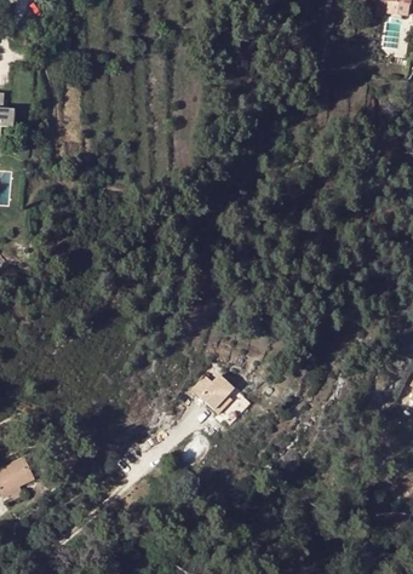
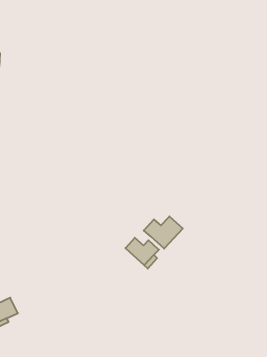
building: none -> [144,216,183,249]

